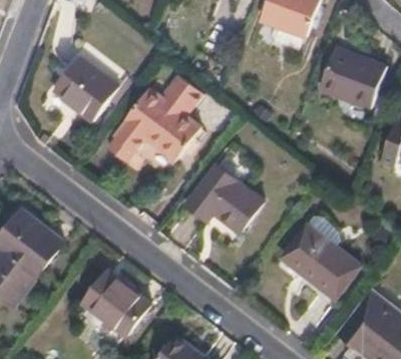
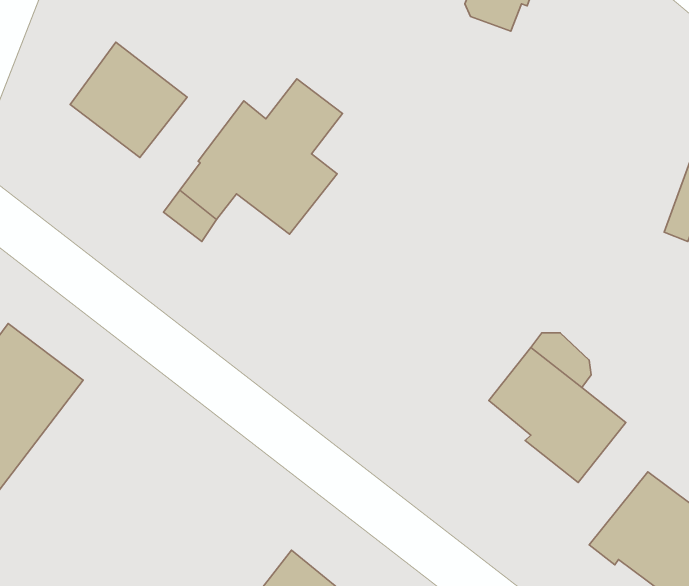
building: [321,47,384,106] -> none
building: [185,164,263,232] -> none
building: [82,269,150,336] -> none

